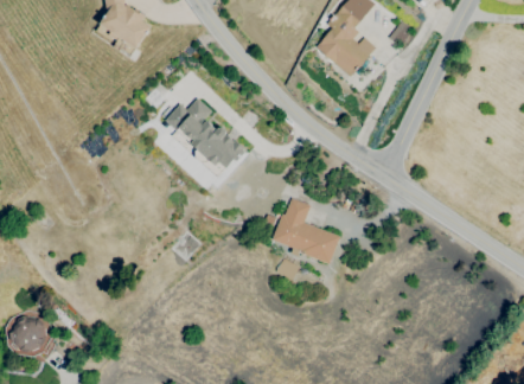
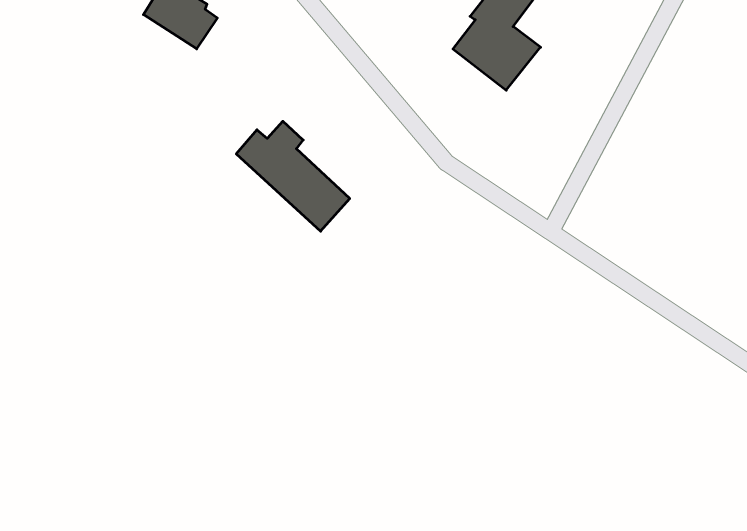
building: [273,197,340,264] -> none
building: [11,315,47,352] -> none

